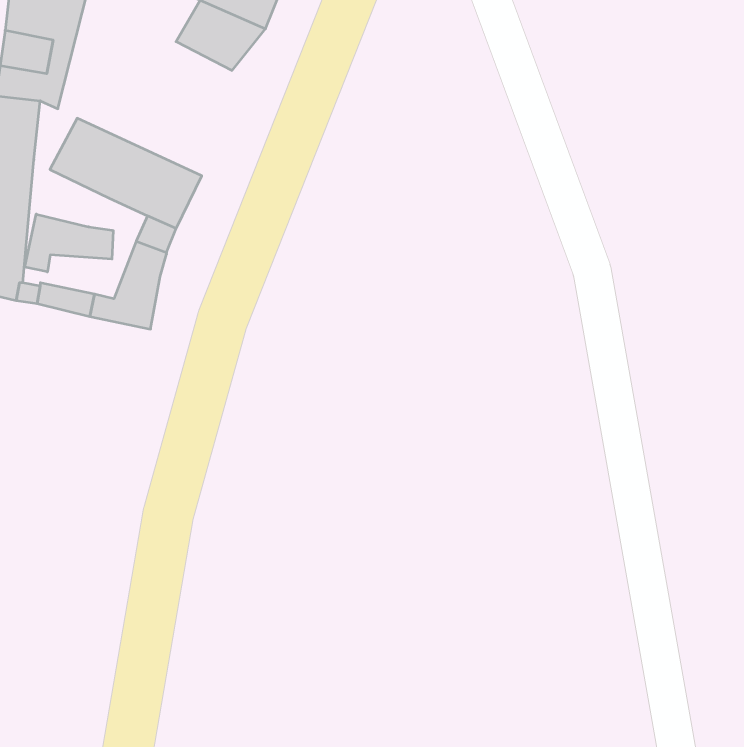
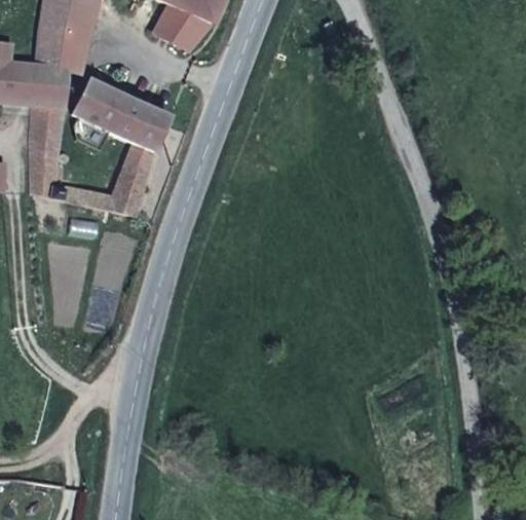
building: [25,214,113,272] -> none

